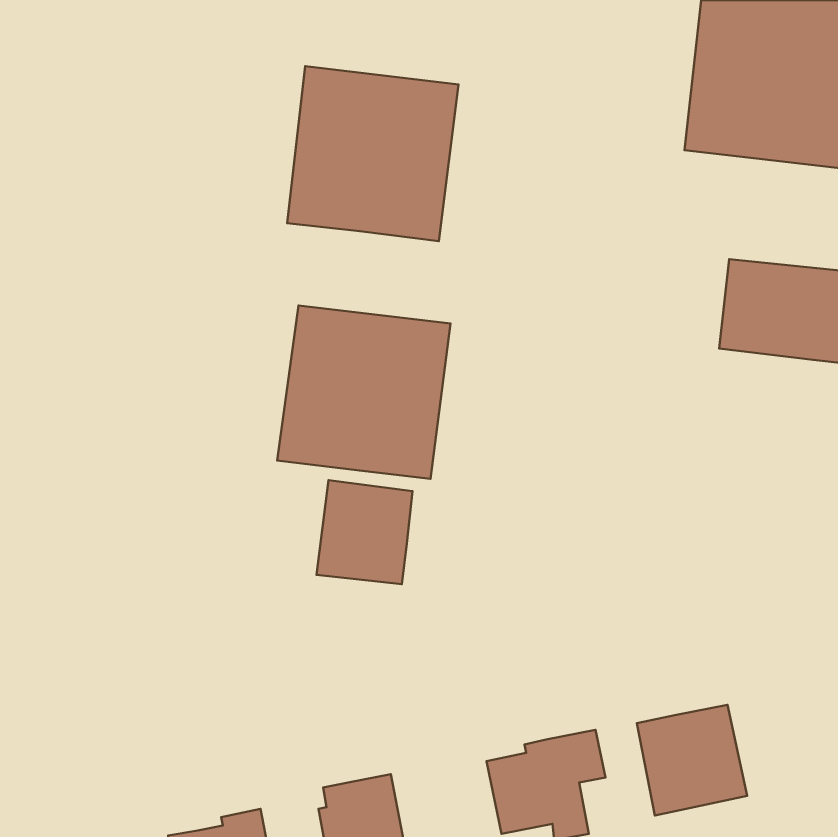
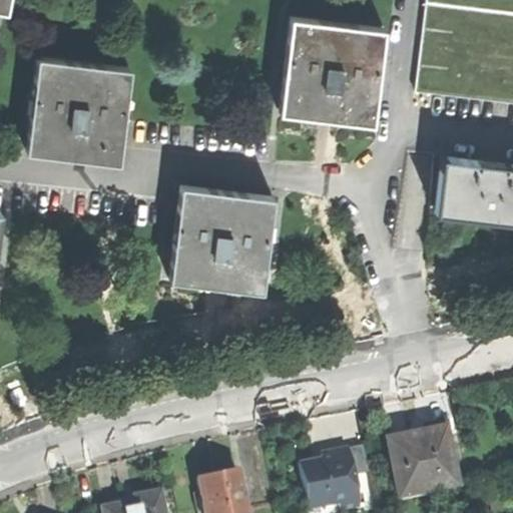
building: [287,66,459,241] -> [283,21,387,127]
building: none -> [28,61,133,166]
building: [317,480,412,584] -> none

